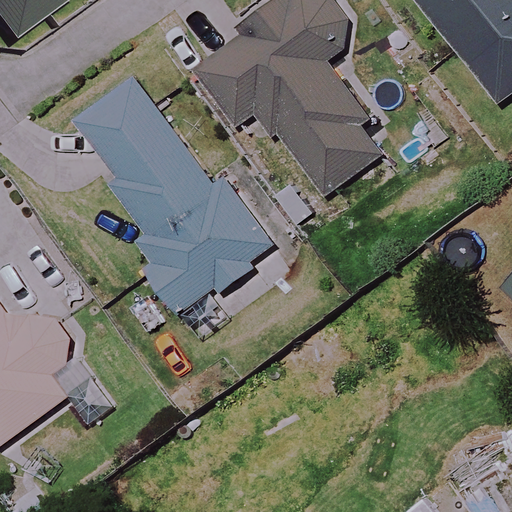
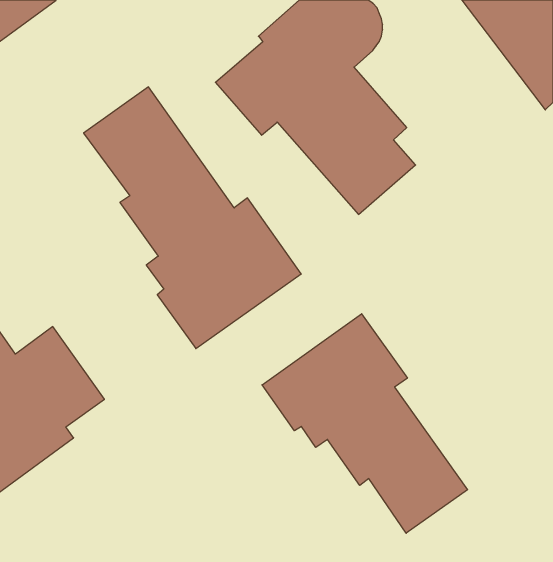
building: none -> [262,314,468,533]

